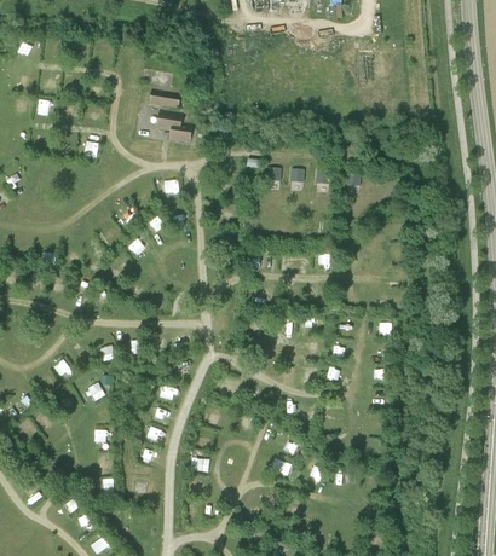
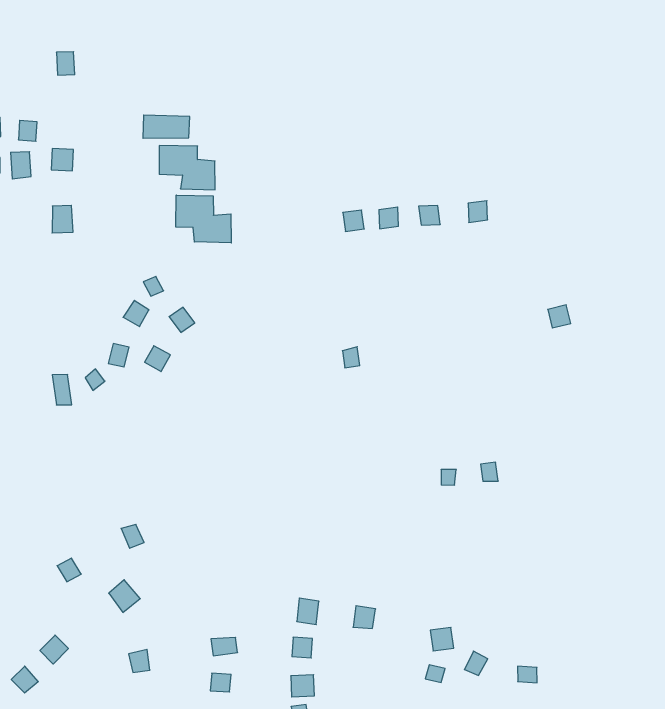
building: none -> [176,195,231,243]

